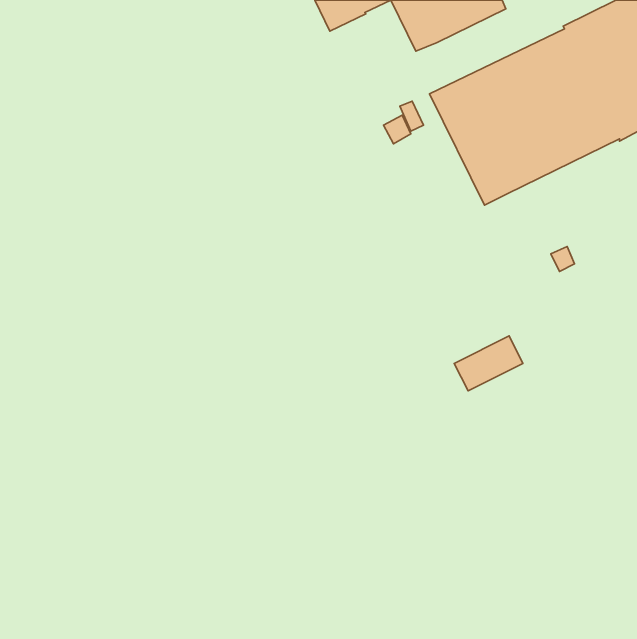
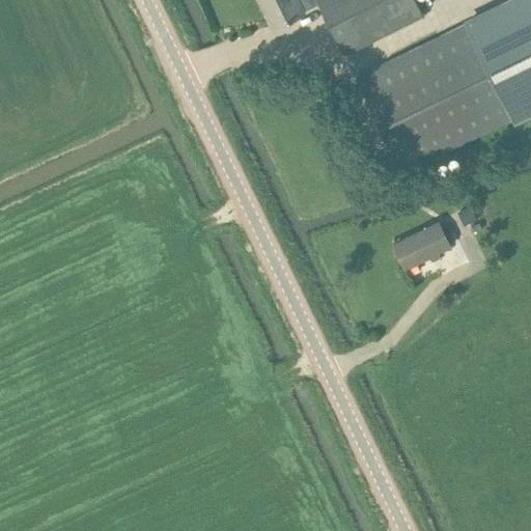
building: [454,336,523,391] -> [394,221,451,267]

